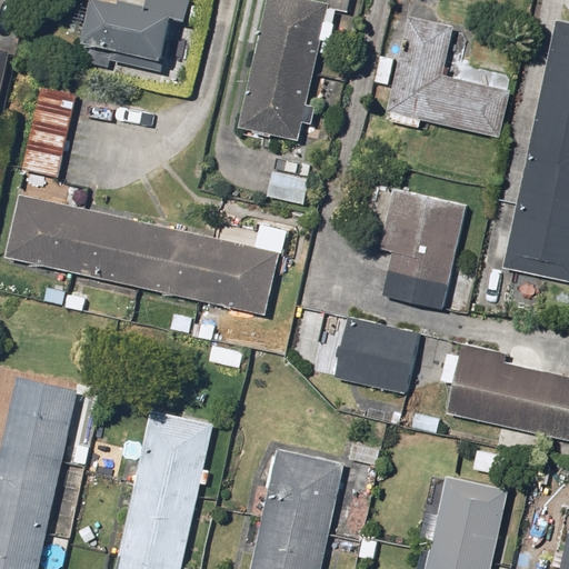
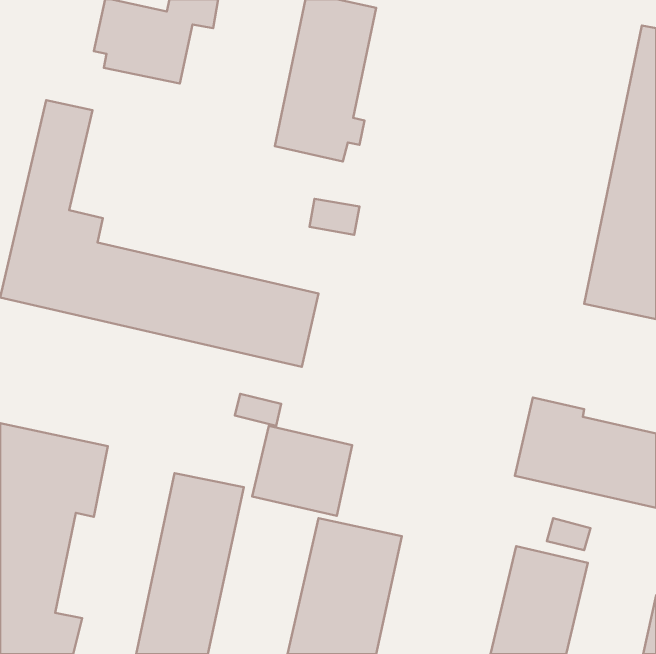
building: [387,19,510,137] -> none
building: [383,190,469,308] -> none
building: [333,318,420,396] -> [252,426,352,516]

